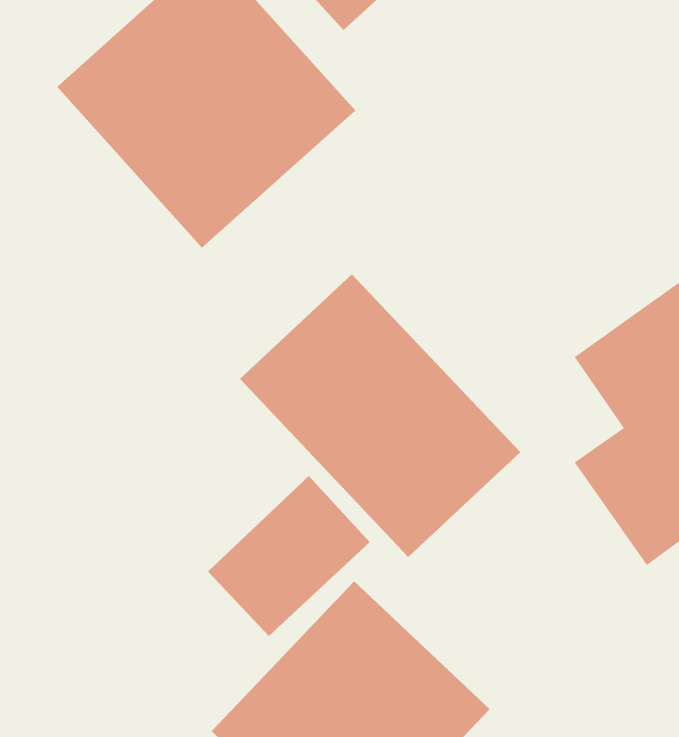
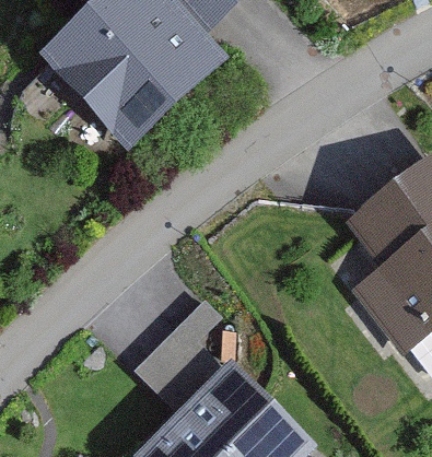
building: [239,273,521,558] -> none

